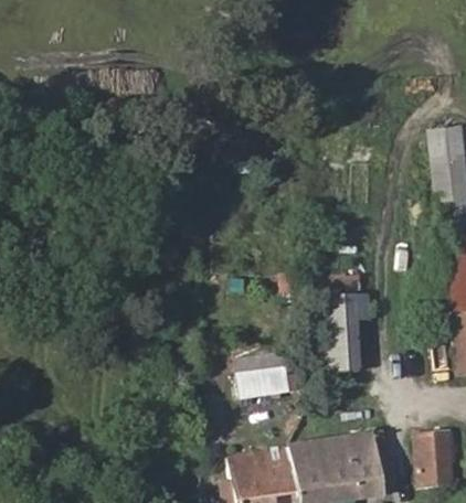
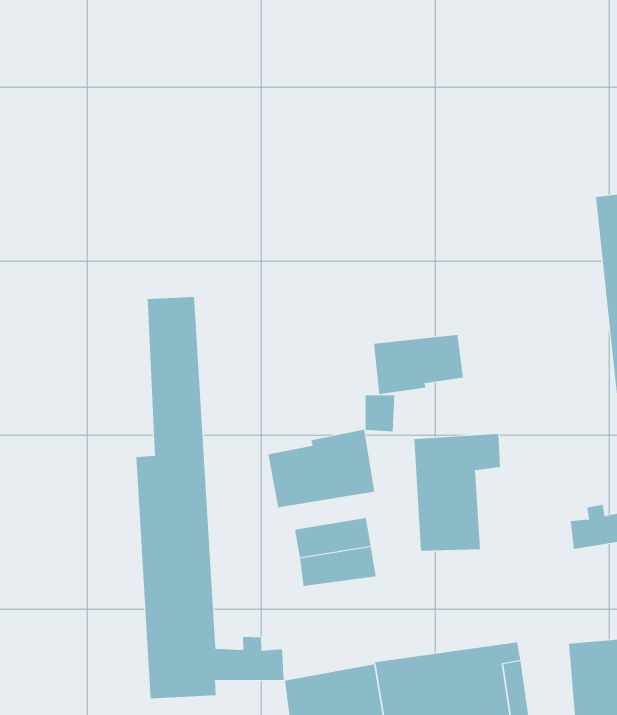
building: none -> [136,296,284,699]
building: none -> [373,334,463,395]
building: none -> [268,429,375,508]

